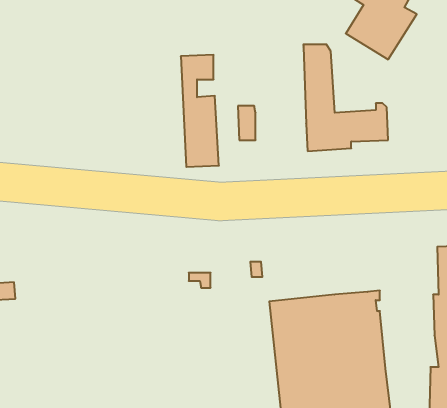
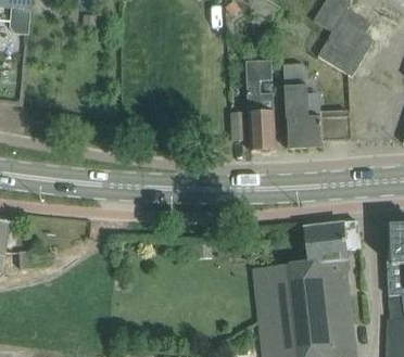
building: [181,55,219,167] -> [245,60,276,149]
building: none -> [304,220,359,262]

